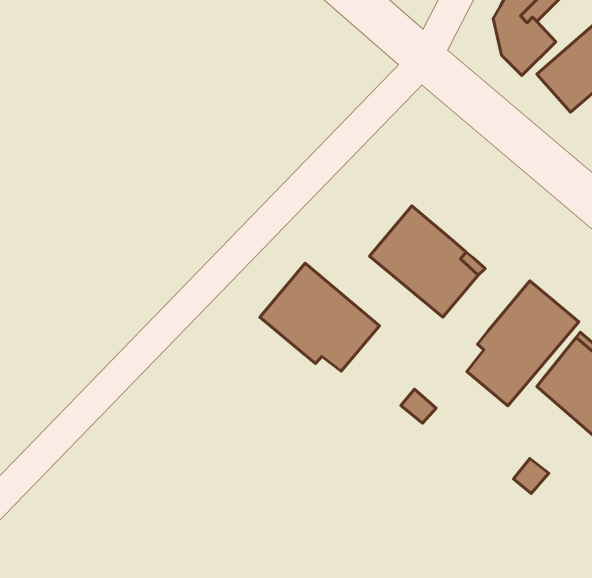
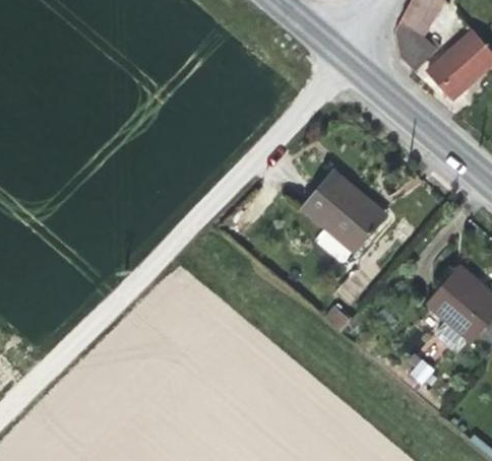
building: [260,263,379,371] -> none
building: [467,281,579,406] -> none

